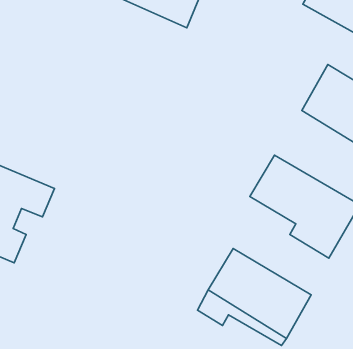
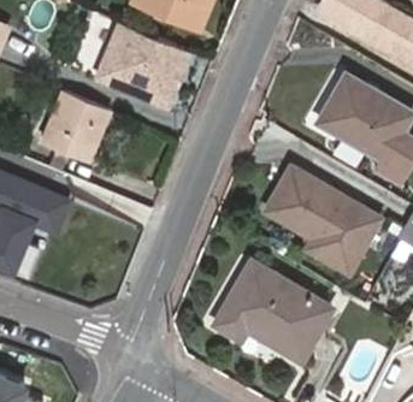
building: none -> [95,23,189,108]
building: none -> [43,90,107,159]

